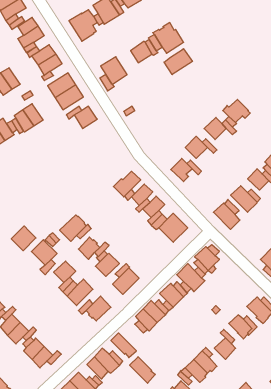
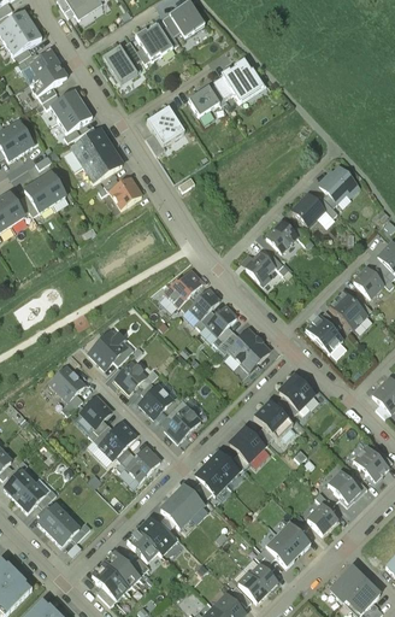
building: [164,49,192,75] -> none
building: [11,226,36,251] -> none
building: [130,357,155,383] -> [172,483,208,521]

